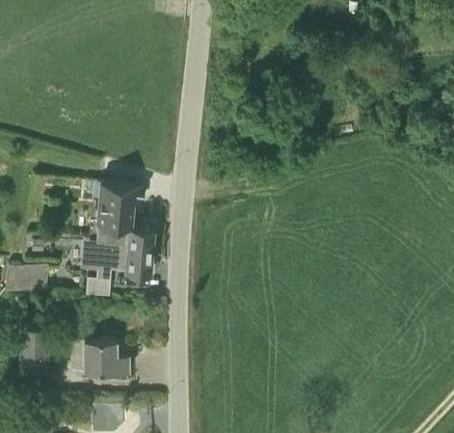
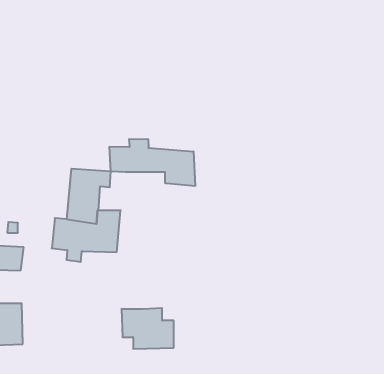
building: none -> [110,139,195,186]
building: [72,339,128,382] -> [121,308,174,349]

